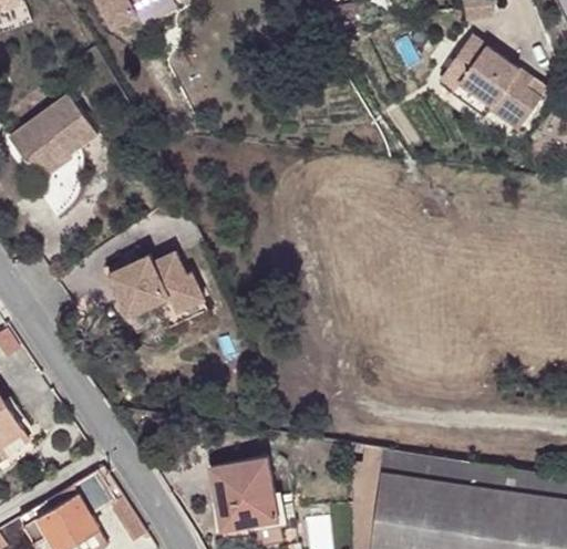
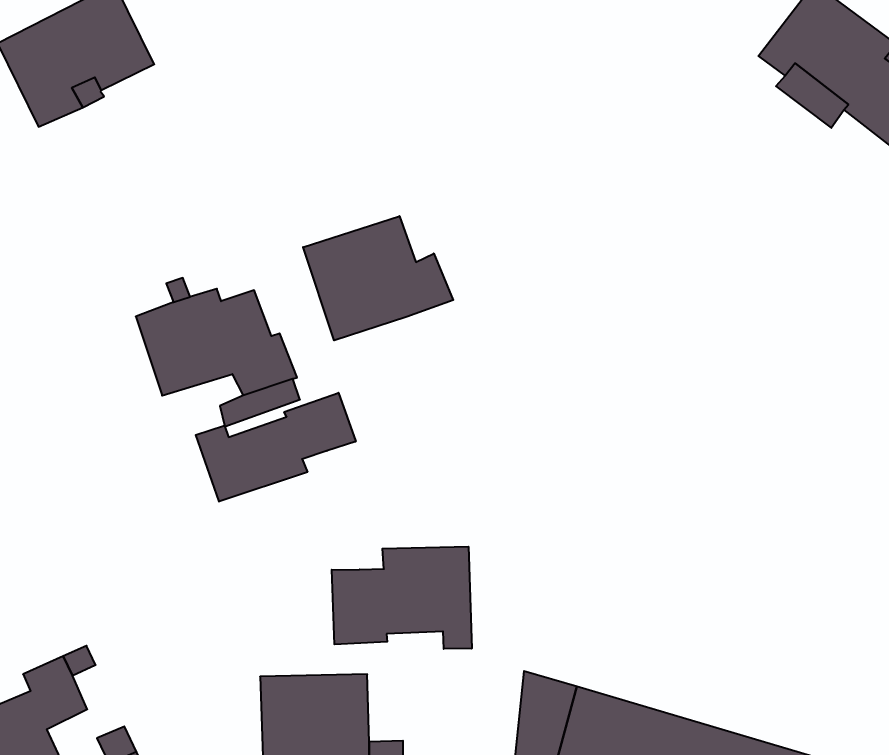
building: none -> [303,216,453,340]
building: none -> [196,393,356,502]
building: none -> [332,547,472,649]

